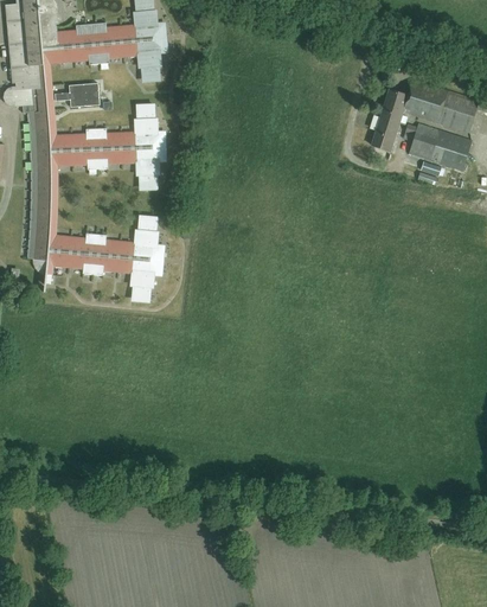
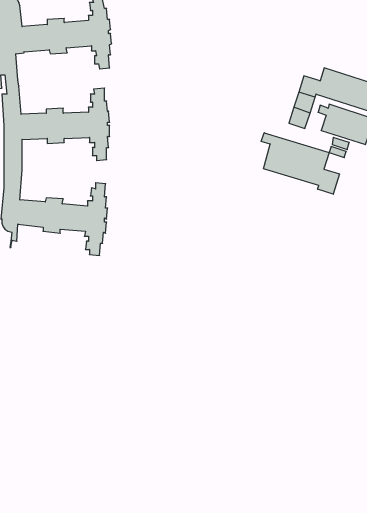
building: [52,84,97,108] -> none
building: none -> [261,133,340,194]

